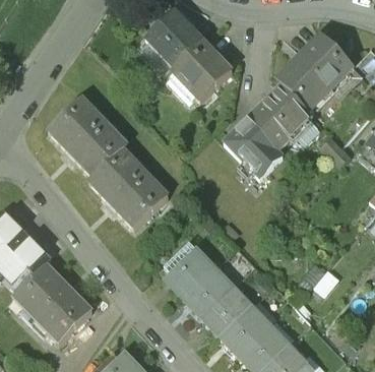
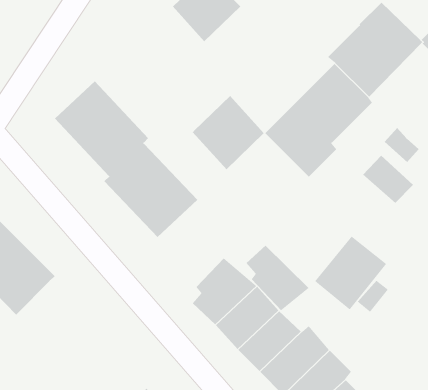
building: [173,38,233,100] -> [192,95,265,170]
building: none -> [362,155,414,204]
building: none -> [314,235,387,310]
building: none -> [246,245,310,311]
building: [14,264,92,343] -> none

